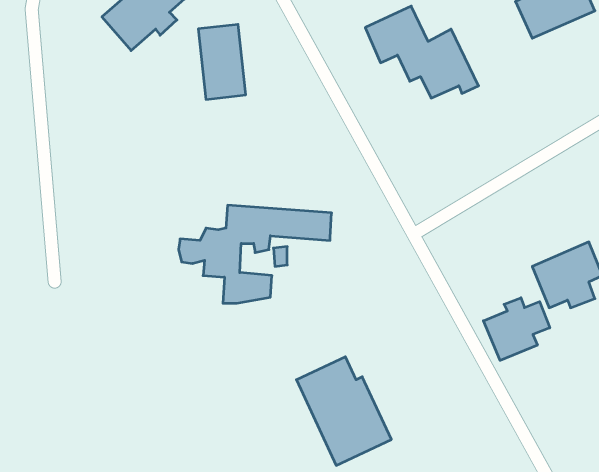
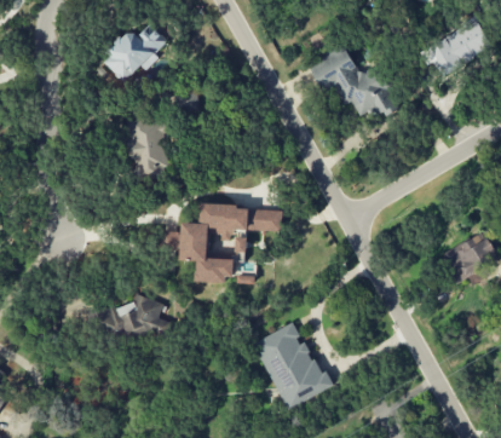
building: [198,24,246,99] -> [131,119,168,178]
building: [483,298,550,360] -> none
building: none -> [99,296,166,341]

